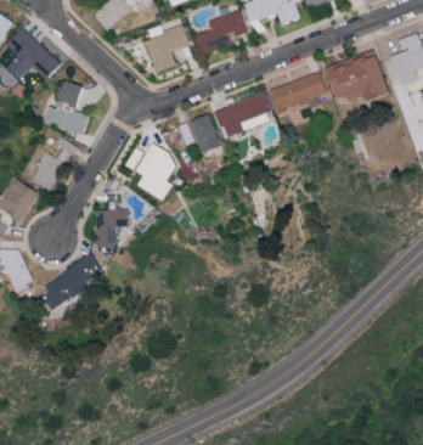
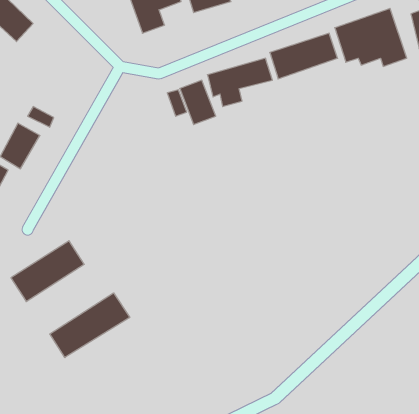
building: [43,83,88,133] -> none
building: [135,145,177,201] -> none
building: [95,210,128,246] -> none
building: none -> [50,293,130,358]

